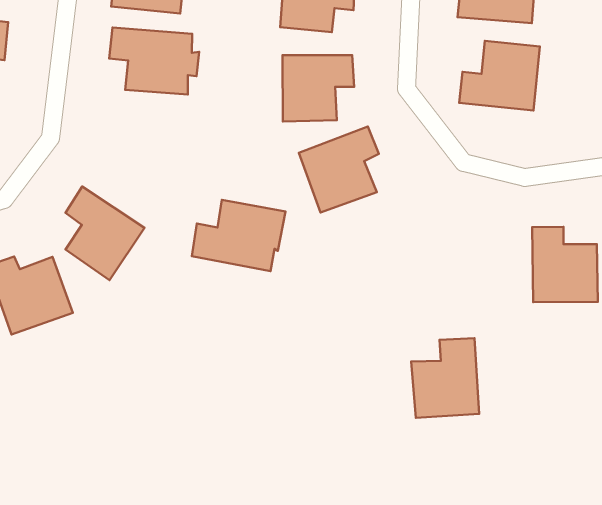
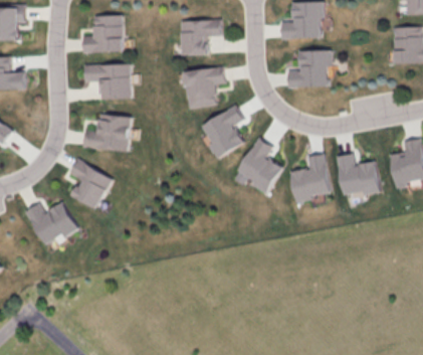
building: none -> [235,137,283,194]
building: [192,200,285,271] -> [82,114,134,152]
building: [411,338,479,418] -> [289,153,332,202]

